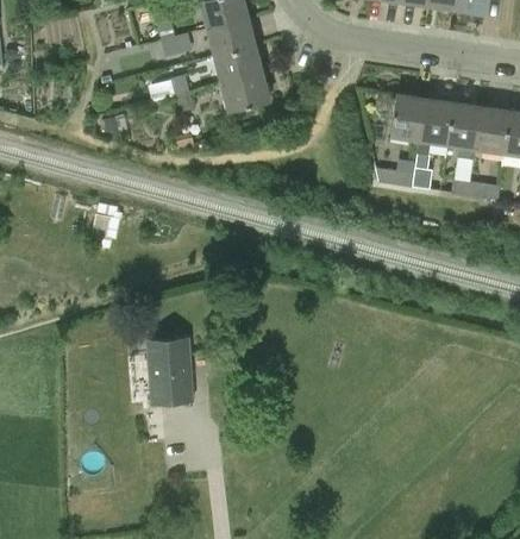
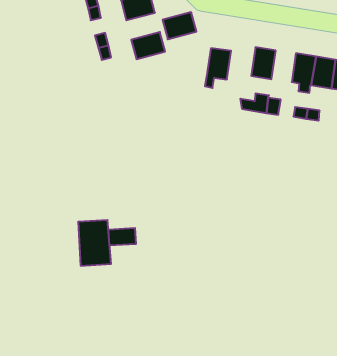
building: [214,46,262,84] -> [163,12,196,39]
building: [416,100,453,156] -> [205,48,231,88]
building: none -> [109,228,136,246]

